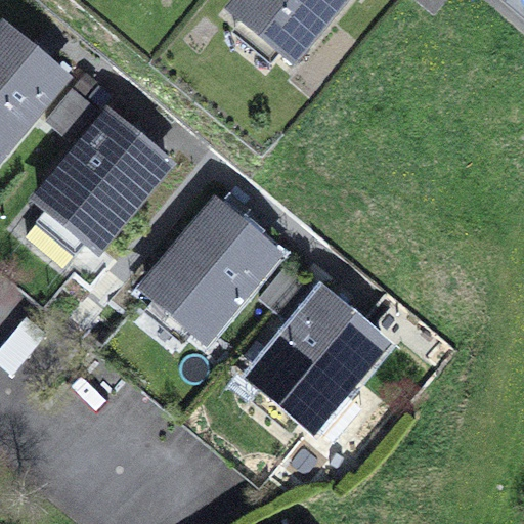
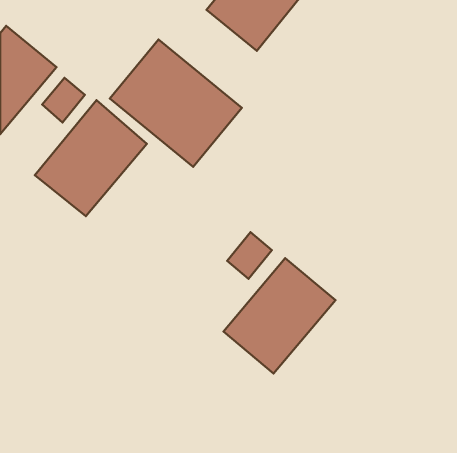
building: none -> [110,40,242,167]
building: [148,206,276,339] -> none

